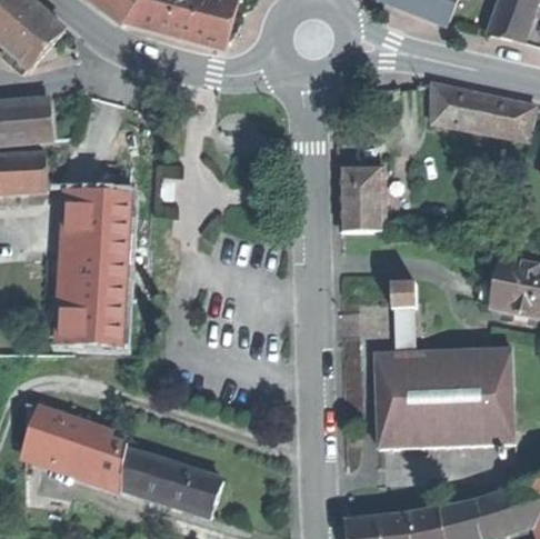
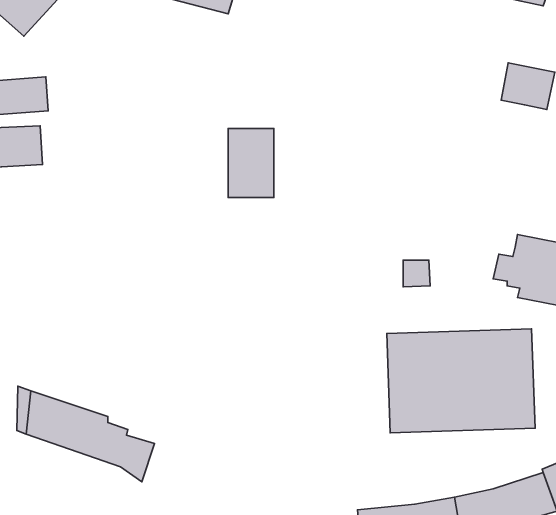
building: [431,81,491,130] -> none
building: [340,164,383,230] -> [228,129,274,197]
building: [52,187,132,355] -> none
building: [142,457,223,517] -> none

